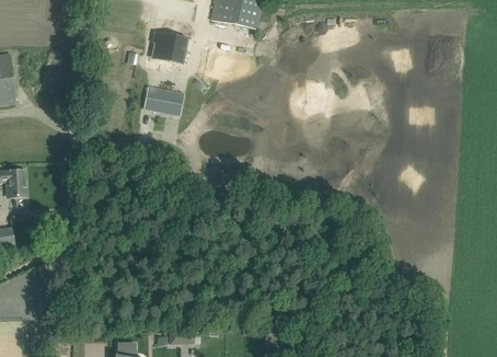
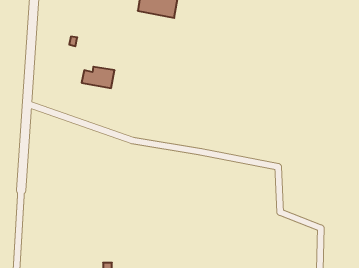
building: [151,30,186,62] -> none

